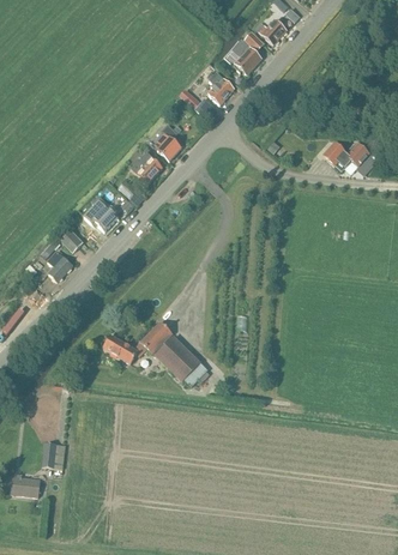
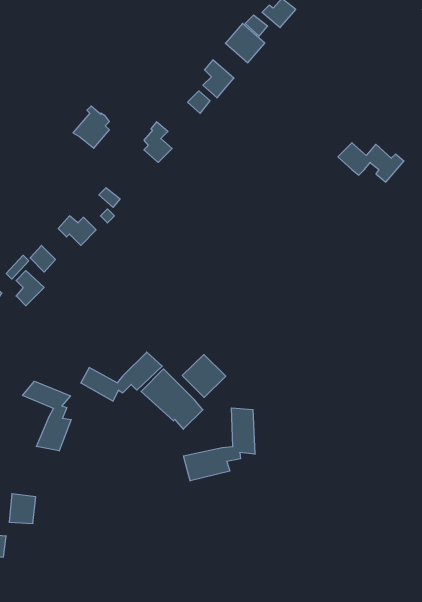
building: [131,147,162,183] -> [73,106,109,148]
building: none -> [182,355,226,397]
building: none -> [23,381,71,451]
building: none -> [183,408,255,481]

